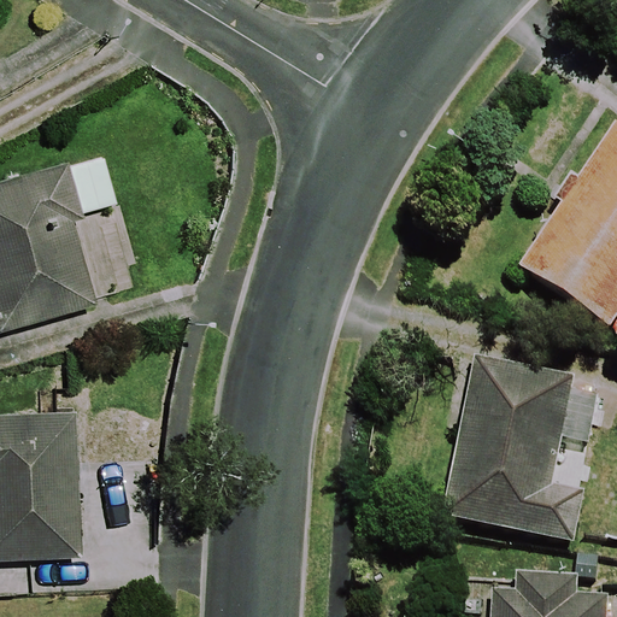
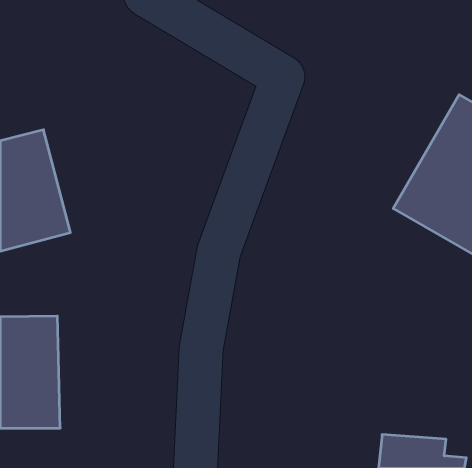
building: [440,360,601,548] -> none

